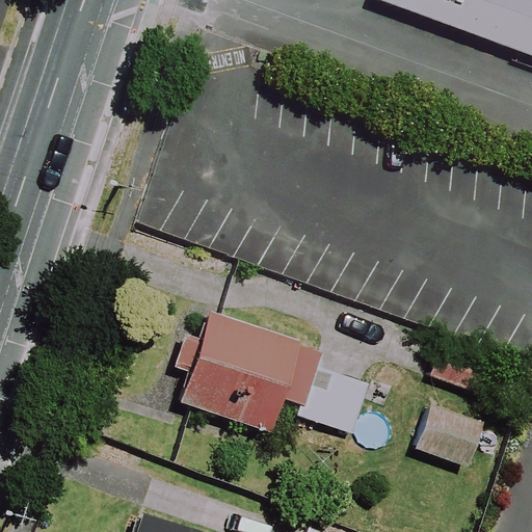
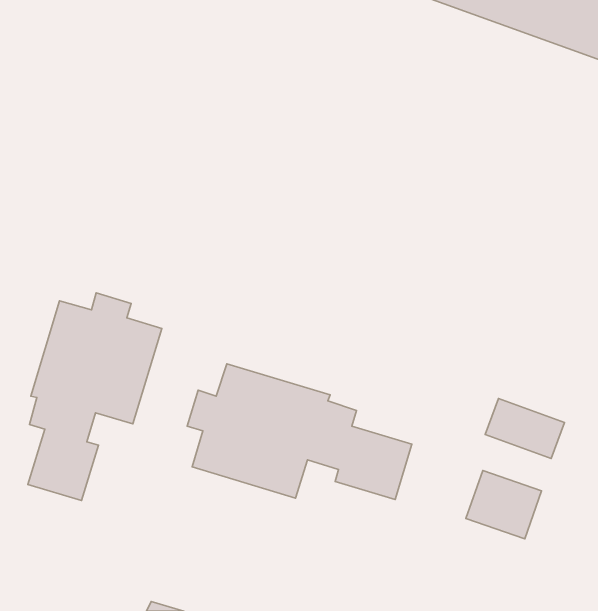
building: none -> [28,293,162,501]

